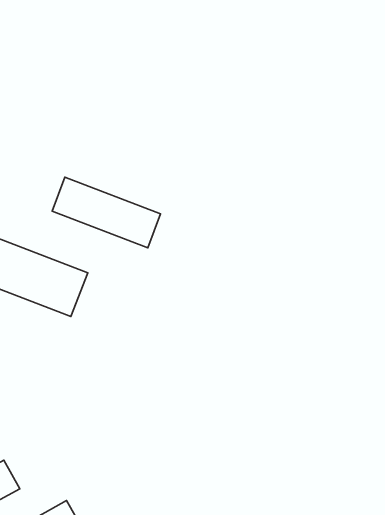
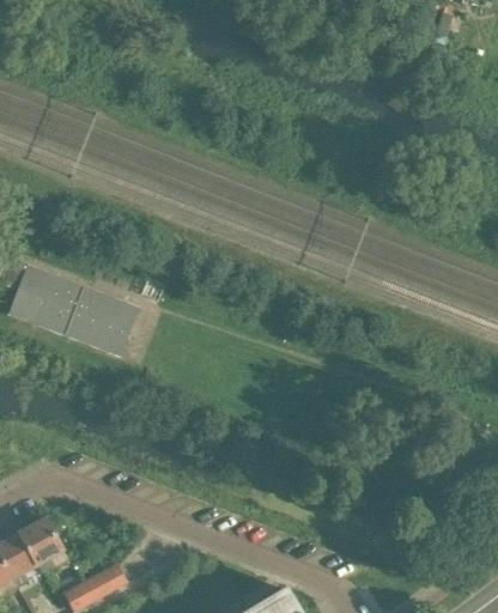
building: [52,177,161,248] -> none

